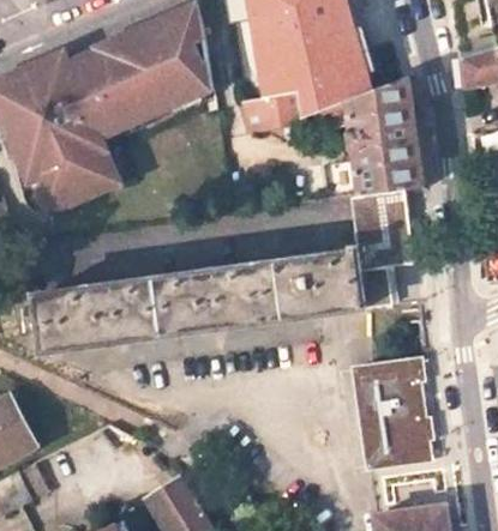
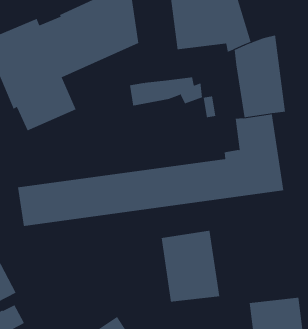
building: [244,89,349,131] -> [129,77,203,106]
building: [355,356,440,459] -> [161,230,220,302]

